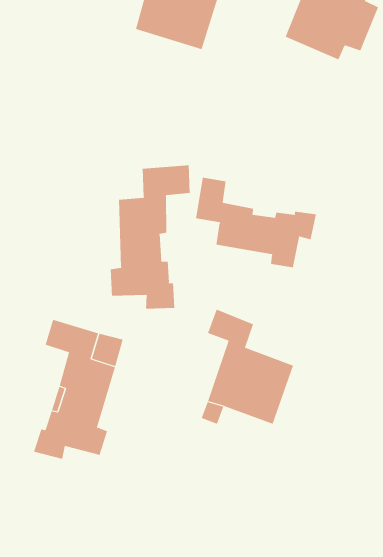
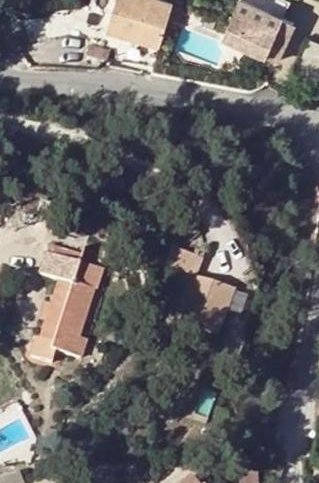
building: [110,164,190,310] -> none
building: [196,177,316,268] -> none

